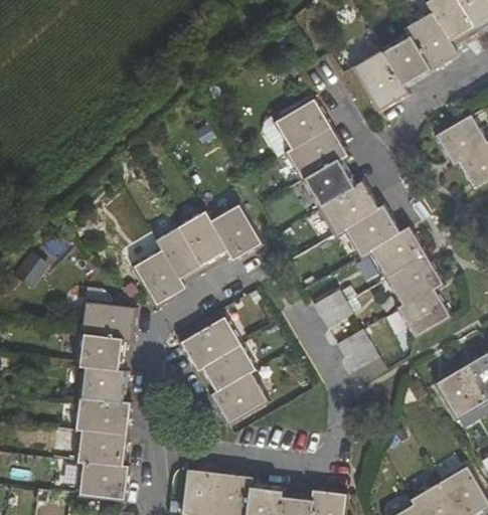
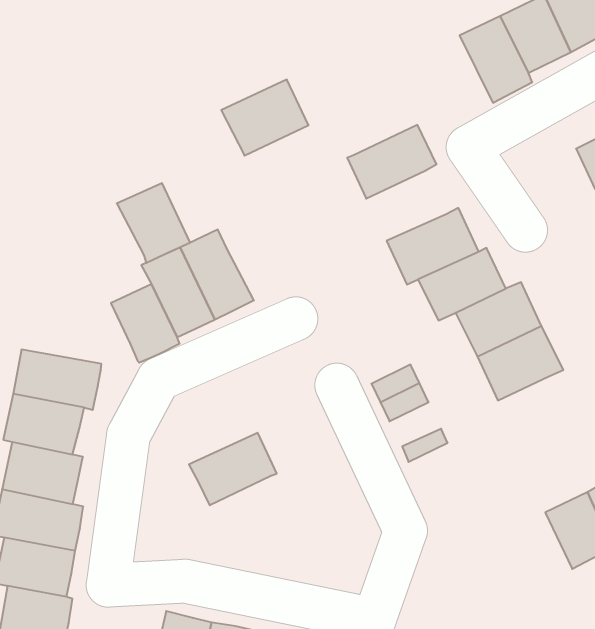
building: [272,101,331,154] -> [221,80,309,156]
building: [301,160,355,209] -> none
building: [210,207,262,262] -> [117,183,190,263]
building: [391,291,450,342] -> none
building: [182,318,241,370] -> none
building: [213,373,268,423] -> none

